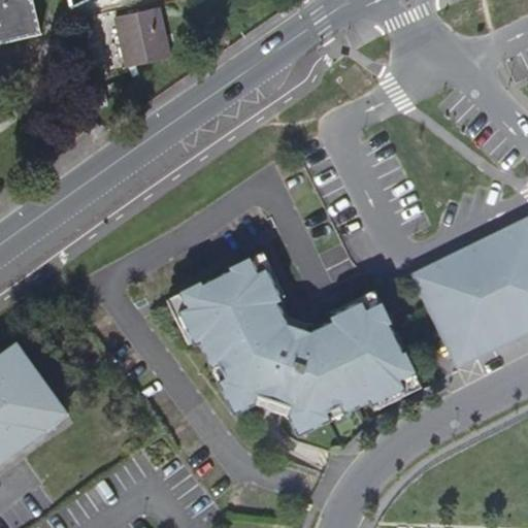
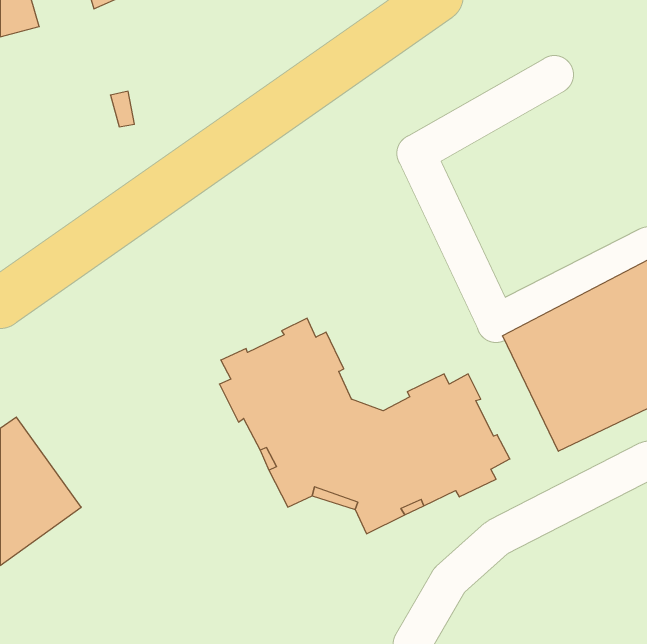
building: [117,6,170,65] -> none

